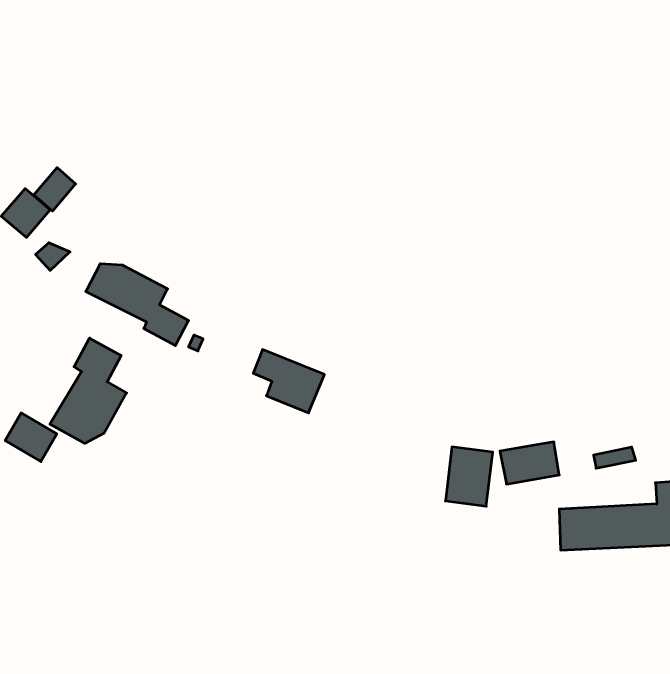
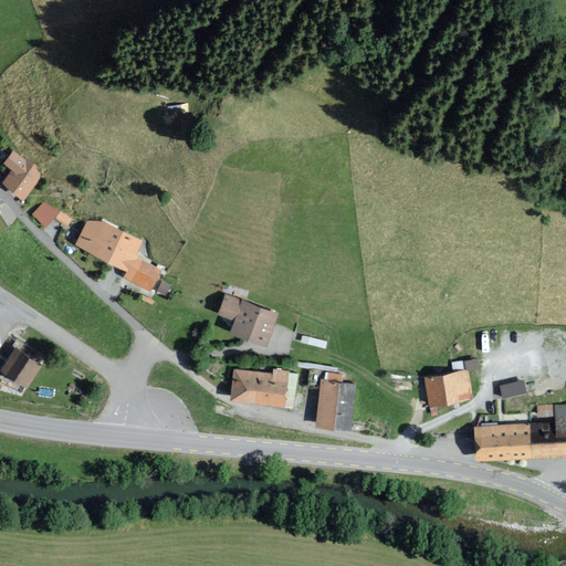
building: [34,168,76,211] -> none
building: [50,338,127,443] -> none
building: none -> [229,368,286,403]
building: [445,447,493,506] -> [313,379,353,429]

